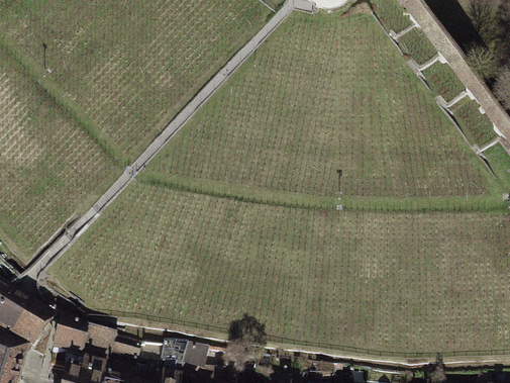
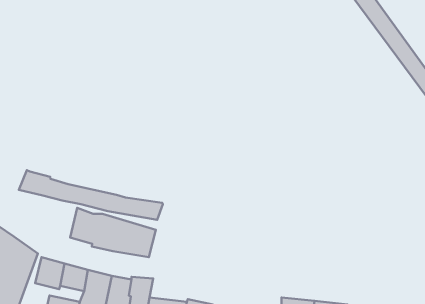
building: none -> [19,170,163,220]
building: none -> [70,208,156,257]

